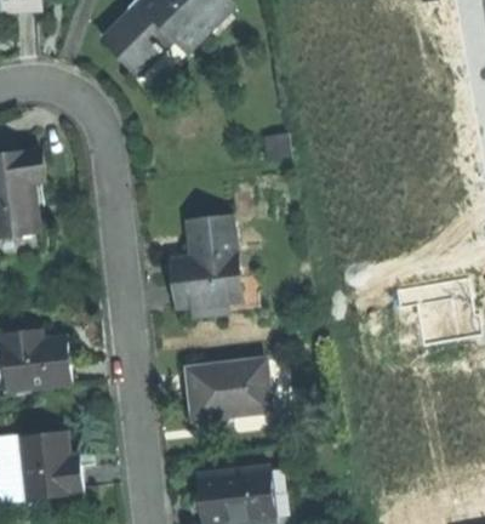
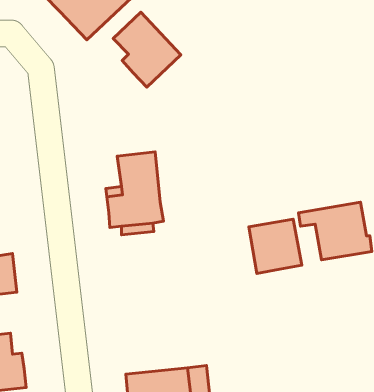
building: none -> [113,12,181,87]
building: none -> [249,219,302,274]
building: [187,359,268,416] -> none

